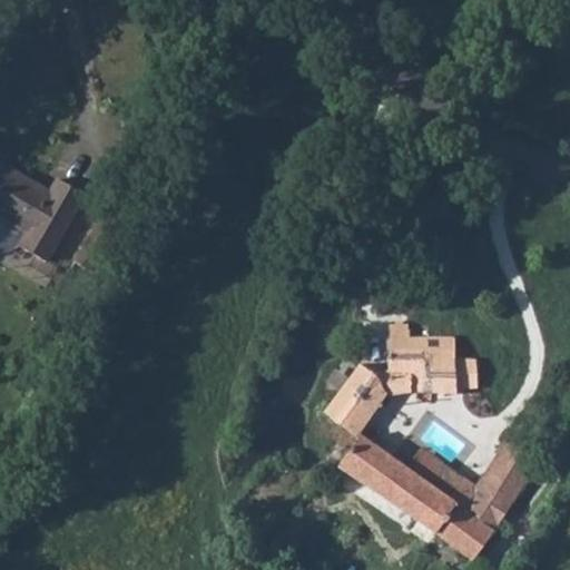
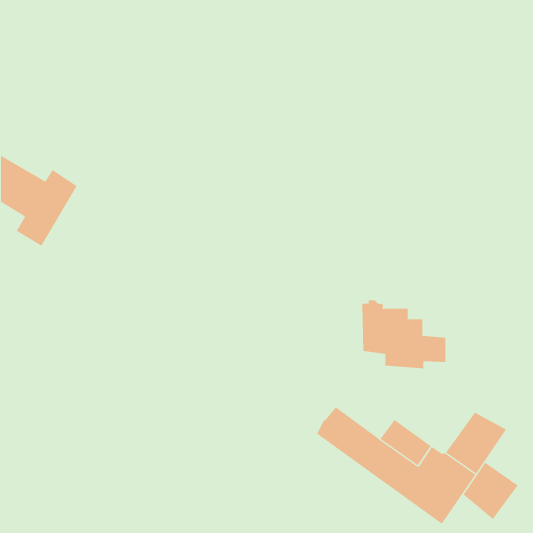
building: [326,365,385,448] -> none
building: none -> [463,462,518,520]

